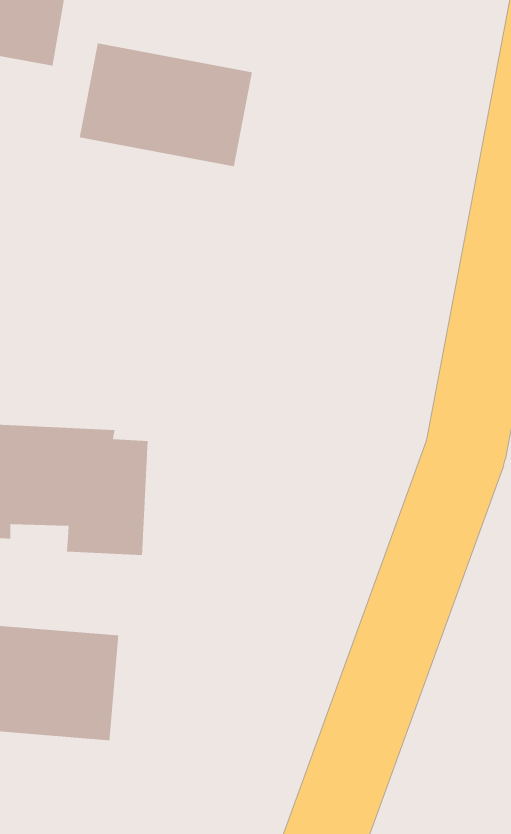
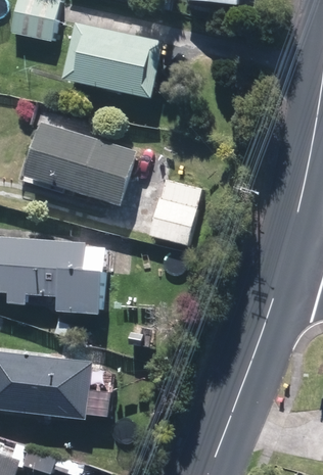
building: none -> [26,123,137,204]
building: none -> [149,180,200,244]

